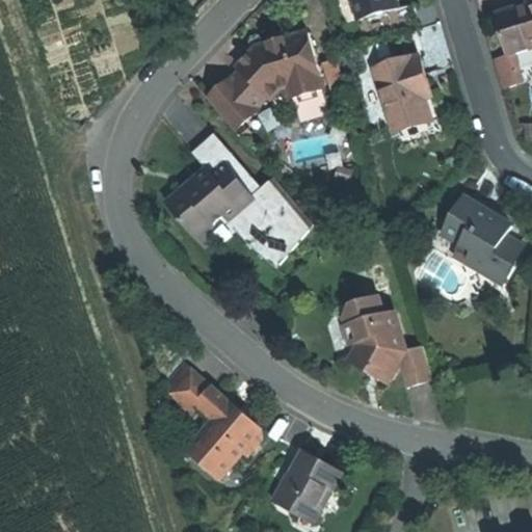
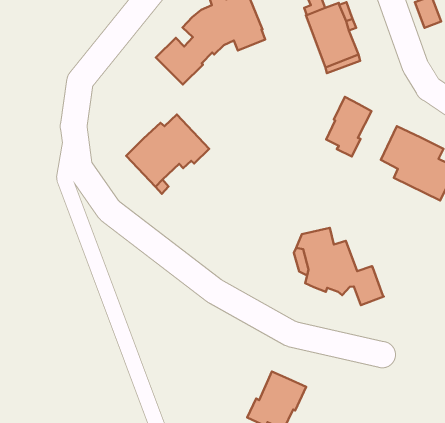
building: [190,134,312,262] -> none
building: none -> [326,97,372,157]
building: [166,363,259,476] -> none

